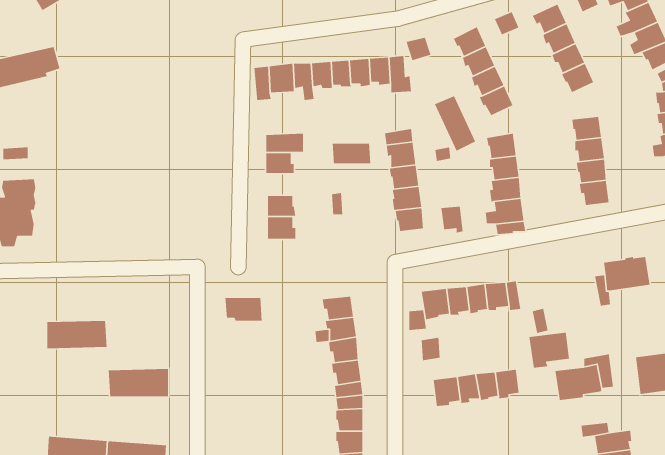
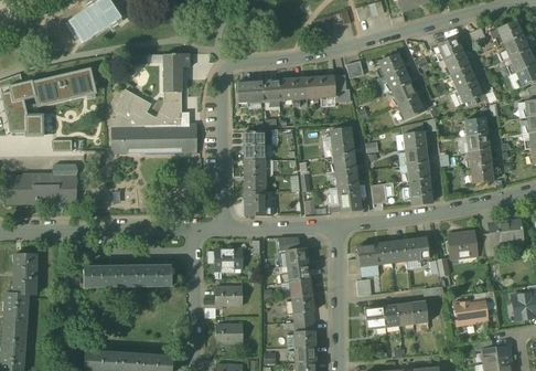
building: none -> [111,53,196,153]
building: [434,95,476,152] -> none
building: [332,143,371,164] -> [244,160,272,176]
building: [529,332,570,368] -> [447,232,476,258]
building: none -> [215,286,242,305]
building: [108,368,169,397] -> [128,265,172,286]
building: none -> [215,325,243,342]

